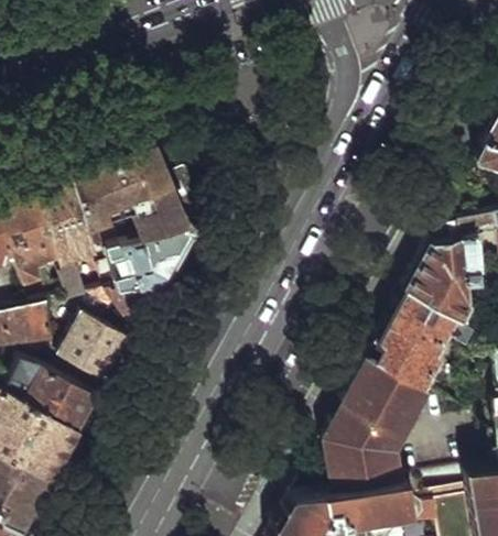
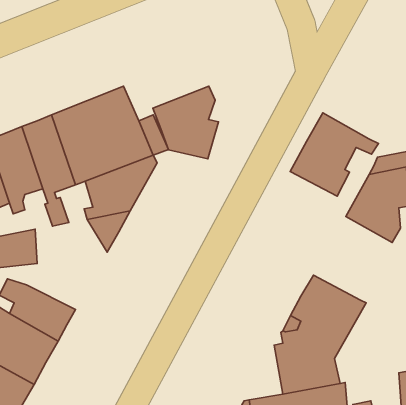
building: none -> [153,86,219,159]
building: [370,294,472,390] -> [290,113,378,196]
building: [58,320,129,385] -> none

